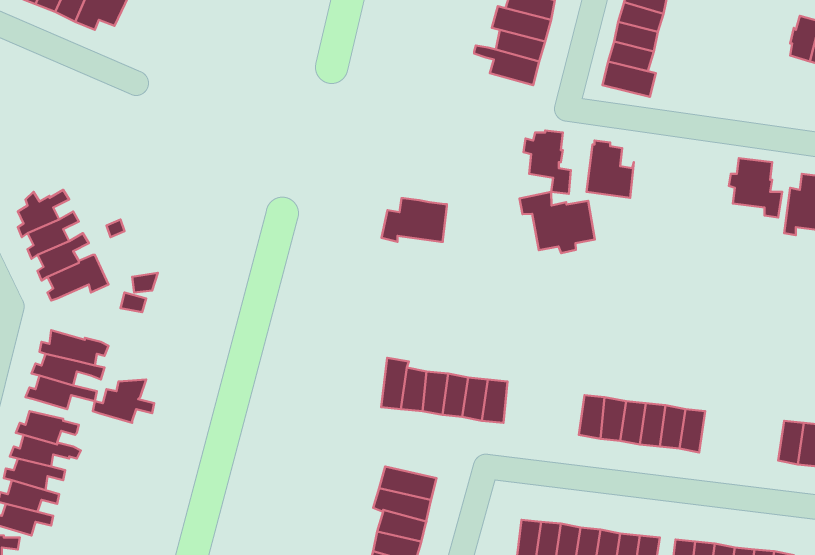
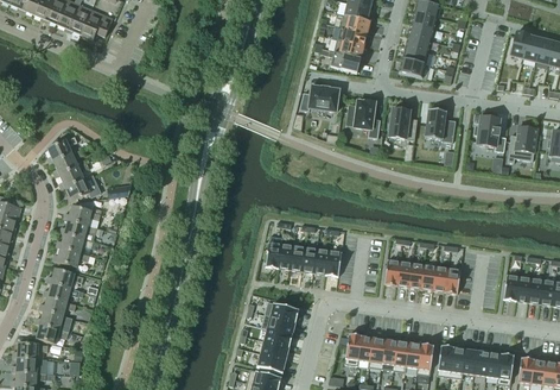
building: none -> [424,109,454,143]
building: [519,192,595,253] -> none
building: [382,198,447,242] -> [299,86,338,112]
building: [93,379,154,423] -> [63,200,100,226]

